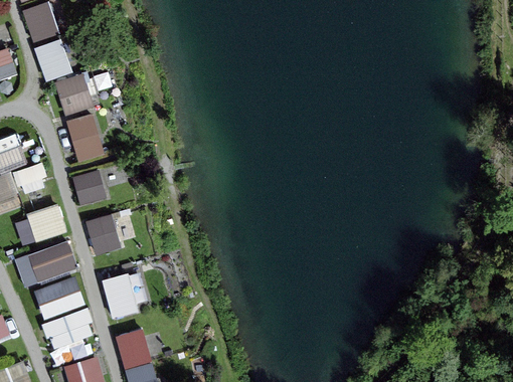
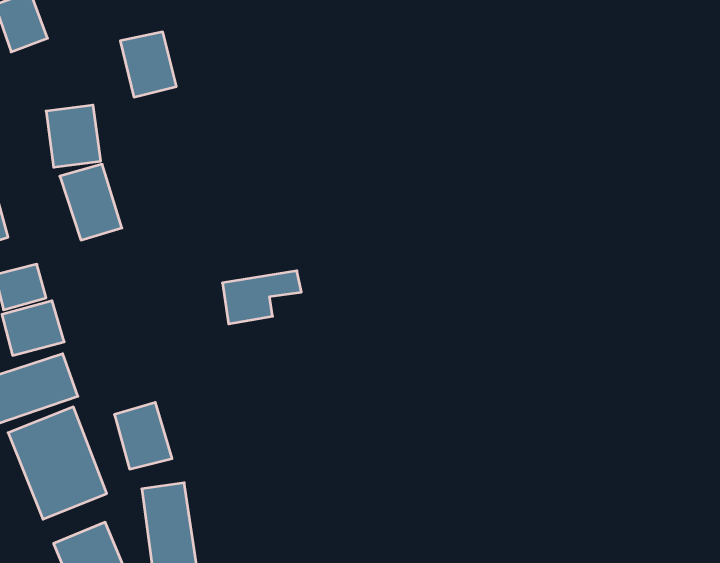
building: [35,40,72,83] -> [120,32,176,97]
building: [74,170,127,205] -> [222,271,301,324]
building: [86,215,122,255] -> none

